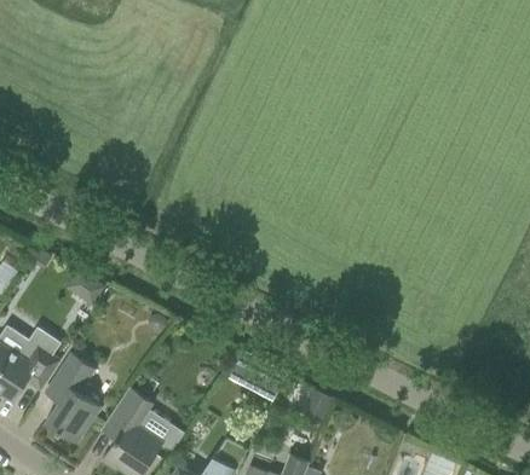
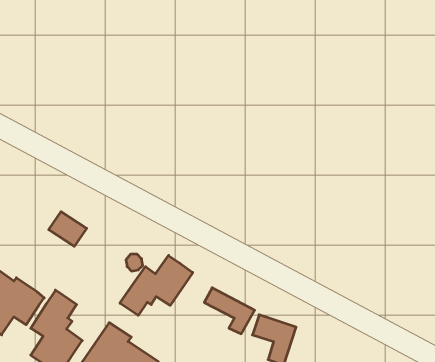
building: none -> [120,255,193,315]

